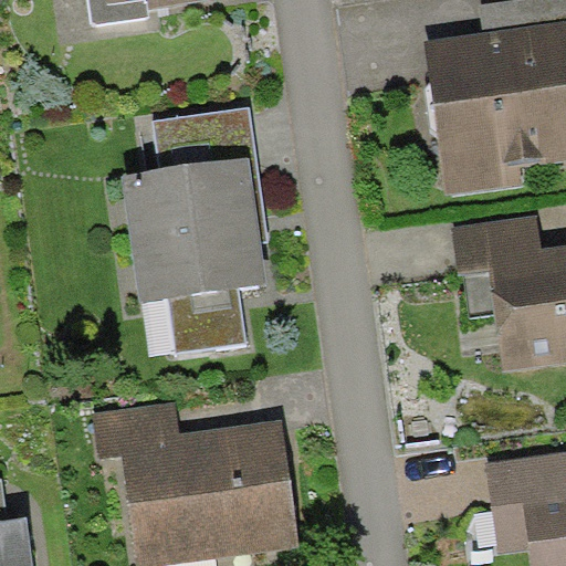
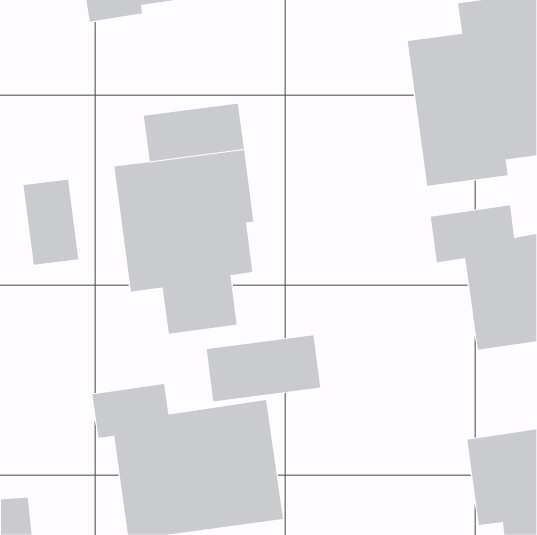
building: none -> [23,179,79,266]
building: none -> [206,334,321,402]

